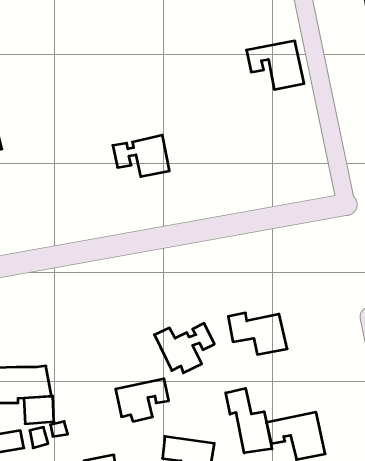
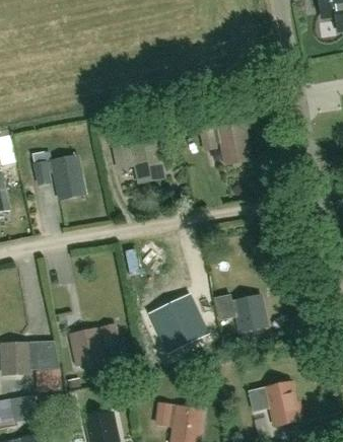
building: [246,41,304,89] -> [201,121,252,163]
building: none -> [36,154,84,191]
building: [116,379,169,421] -> [72,324,119,362]
building: [226,388,272,453] -> none

